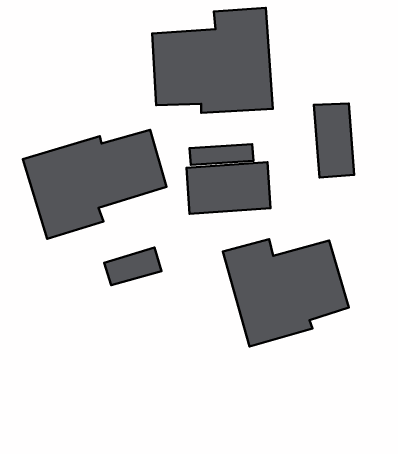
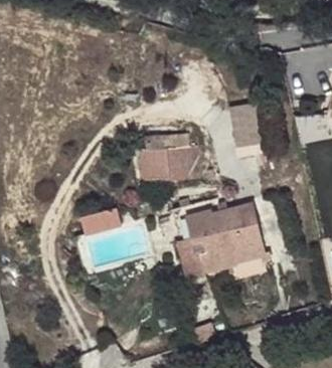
building: [152,8,273,113] -> none
building: [23,130,167,239] -> none

